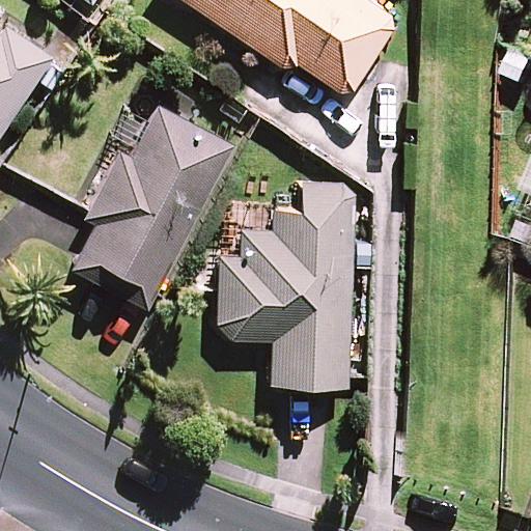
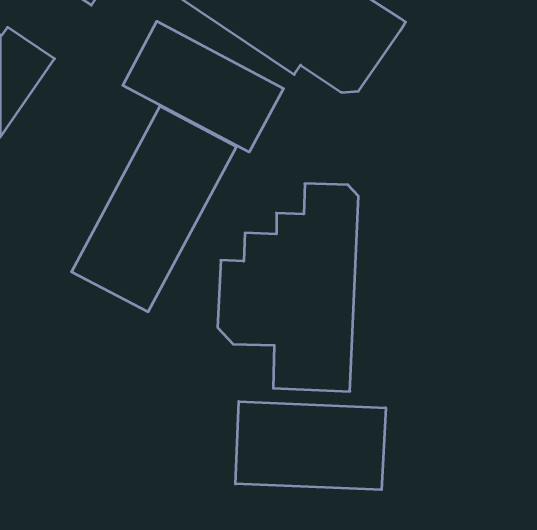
building: none -> [123,21,284,152]
building: none -> [235,401,386,490]

